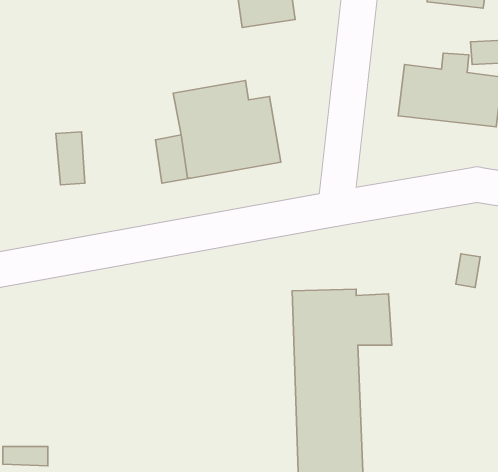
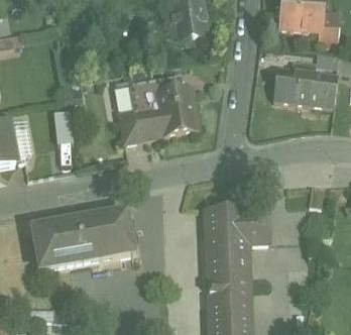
building: none -> [33,215,133,271]

